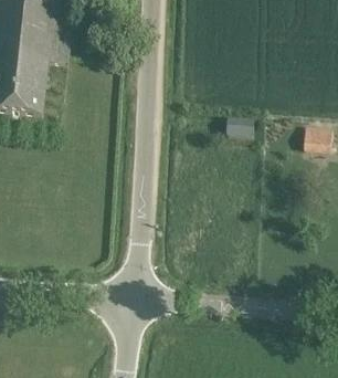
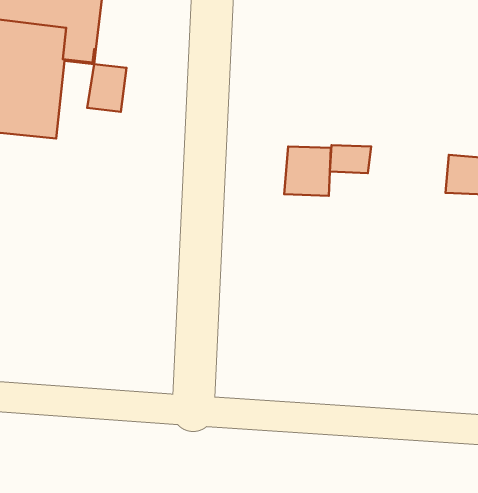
building: none -> [87,64,126,112]
building: none -> [284,146,331,196]

